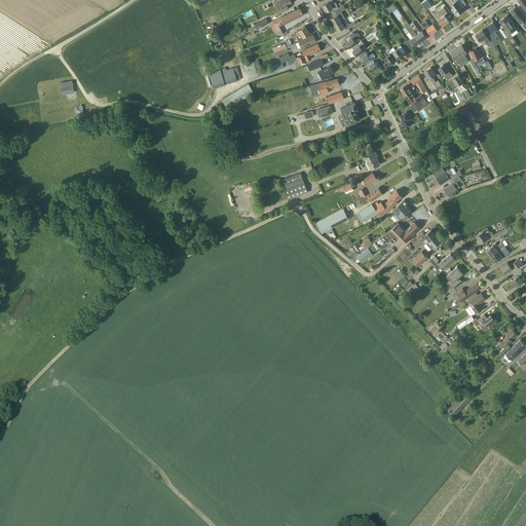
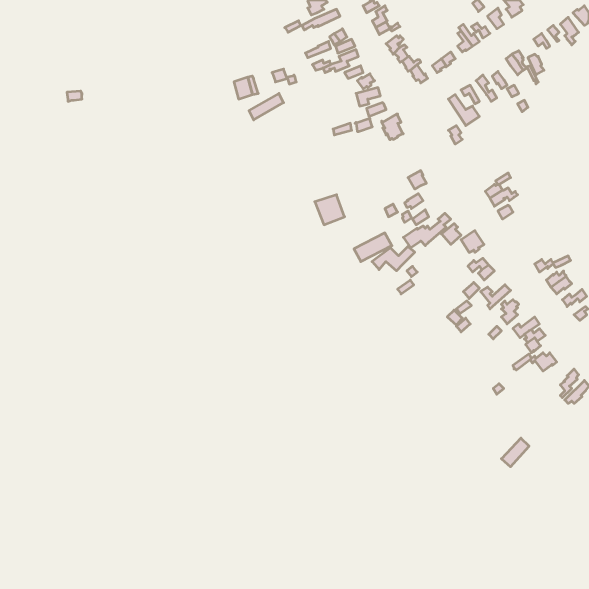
building: [382,222,420,243] -> [372,247,415,271]

